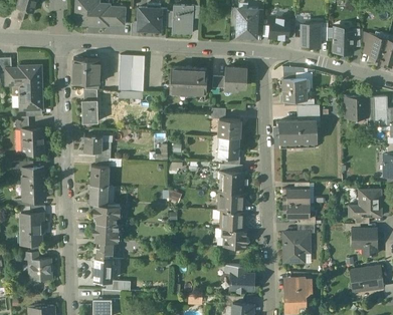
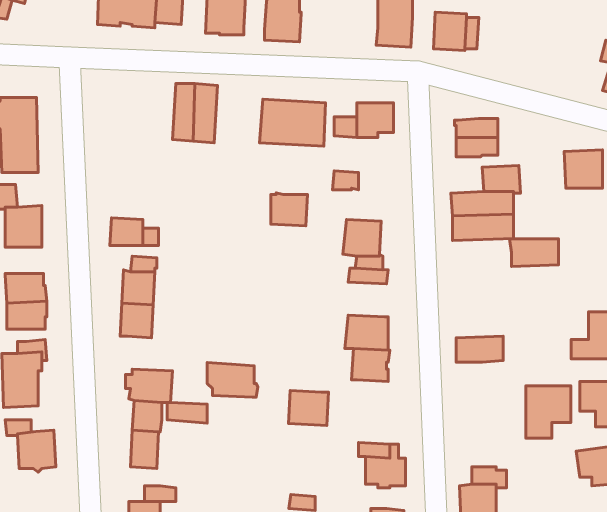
building: [302,22,320,46] -> none
building: [334,26,353,54] -> none
building: [73,58,100,83] -> none
building: [80,94,96,122] -> none
building: [219,118,240,137] -> [271,193,307,226]
building: [219,173,244,193] -> none
building: [281,189,310,205] -> [510,239,558,267]
building: [92,204,122,224] -> [207,362,258,397]
building: [224,229,247,249] -> [288,391,328,425]
building: [283,232,310,262] -> [526,386,571,438]

